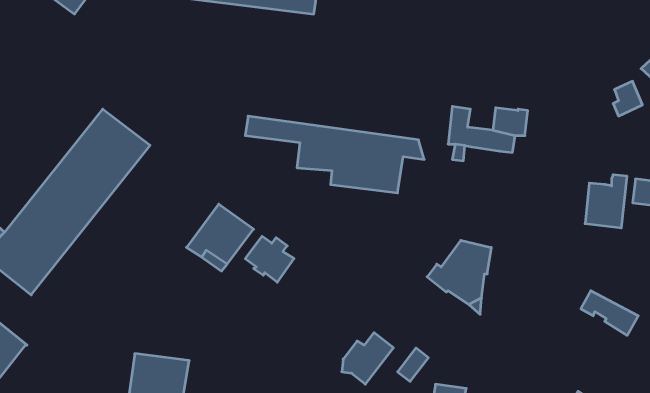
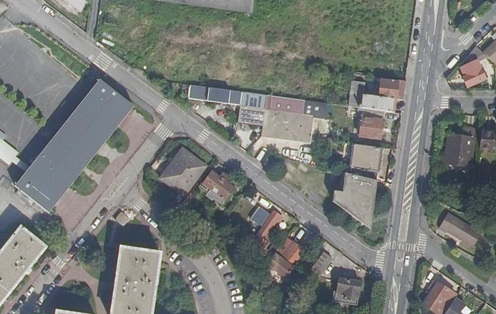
building: none -> [360,106,383,136]
building: none -> [348,142,380,178]
building: none -> [250,209,283,256]

